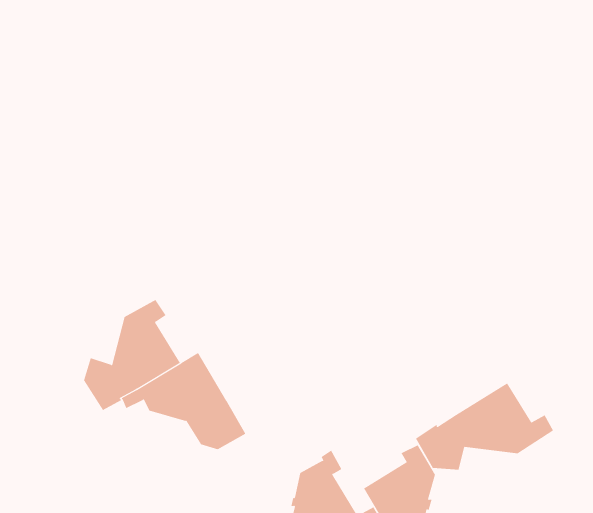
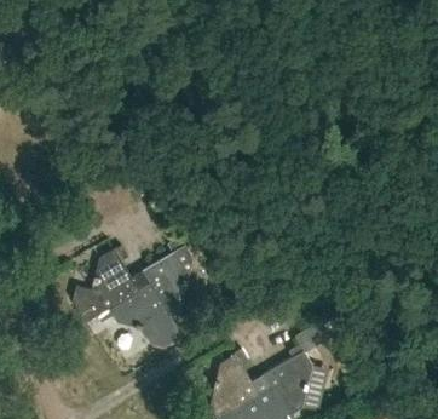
building: none -> [142,237,192,315]
building: [415,382,554,471] -> none

